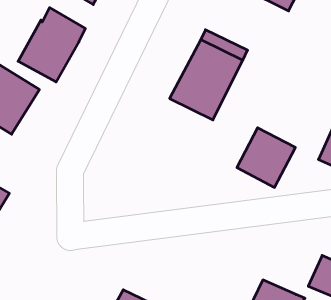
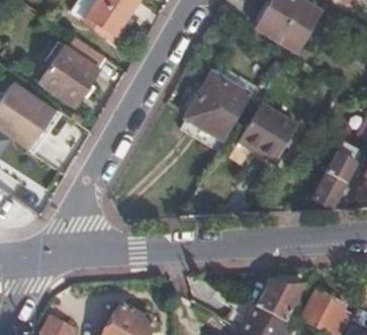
building: [237,128,295,187] -> [239,103,295,161]
building: none -> [255,285,305,323]

